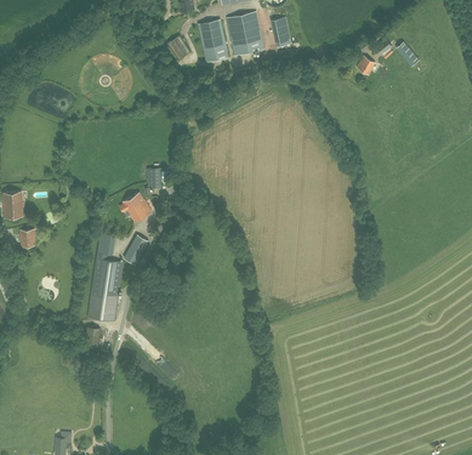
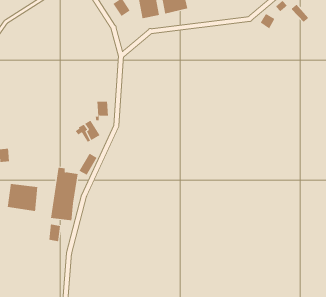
building: none -> [7,183,38,212]

